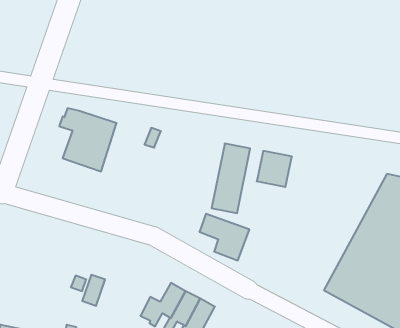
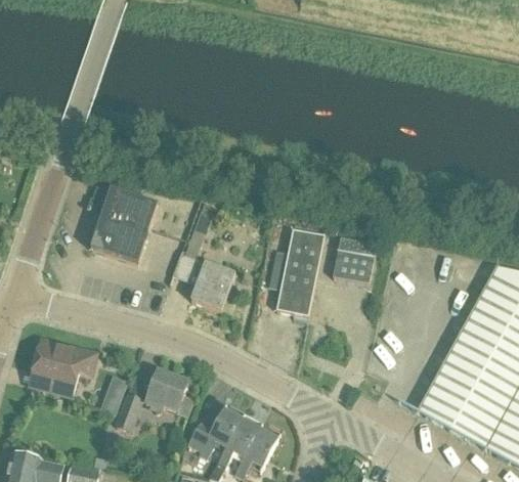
building: [199,214,249,260] -> [173,252,235,310]
building: none -> [30,338,97,395]
building: none -> [146,370,193,413]

